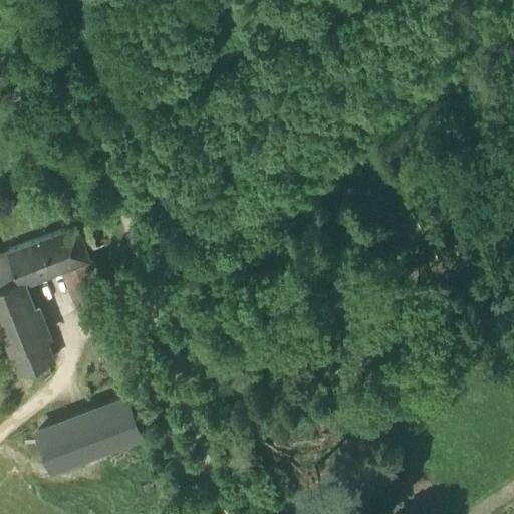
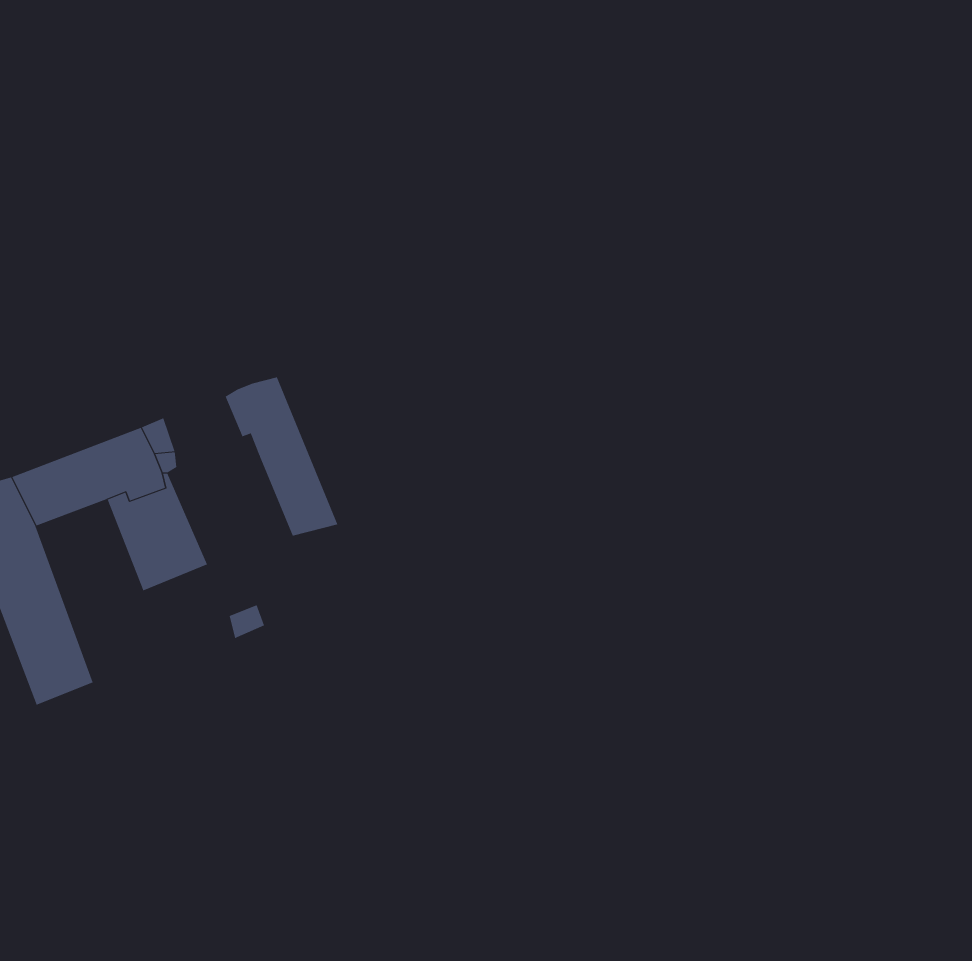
building: none -> [225,376,338,537]
building: [37,399,142,474] -> none

